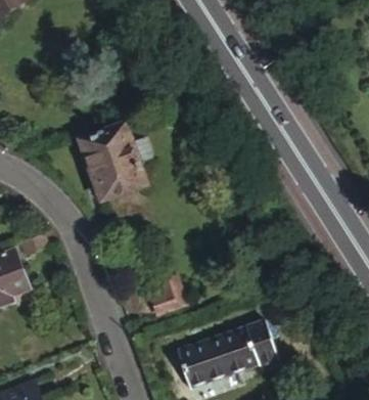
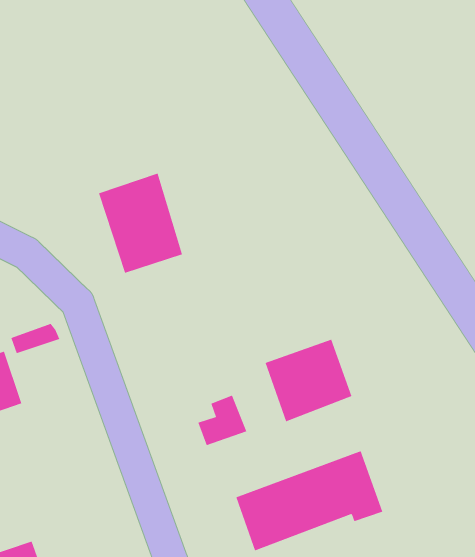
building: none -> [265,339,352,422]

